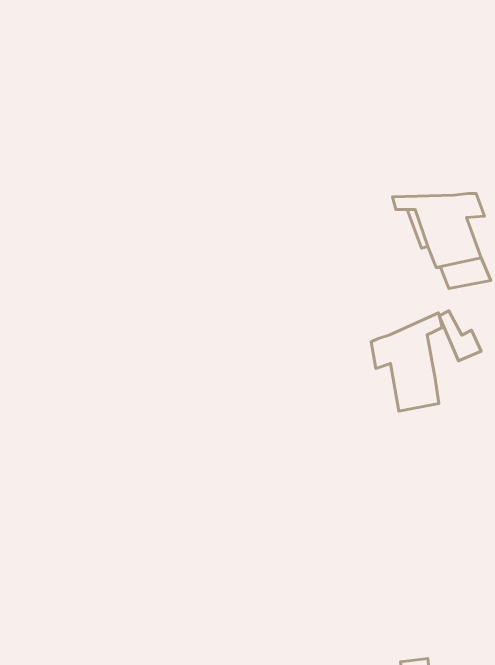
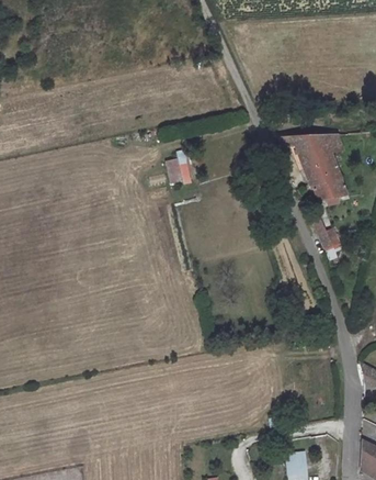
building: none -> [167,150,189,185]
building: [371,313,442,411] -> none

